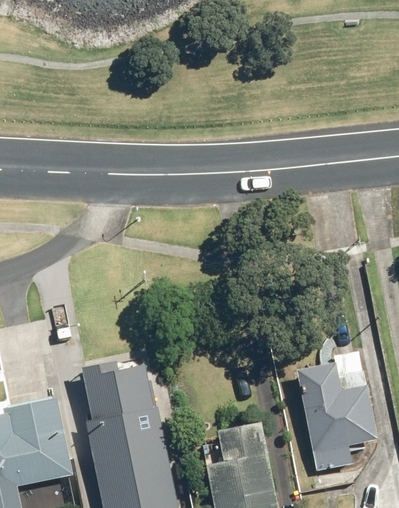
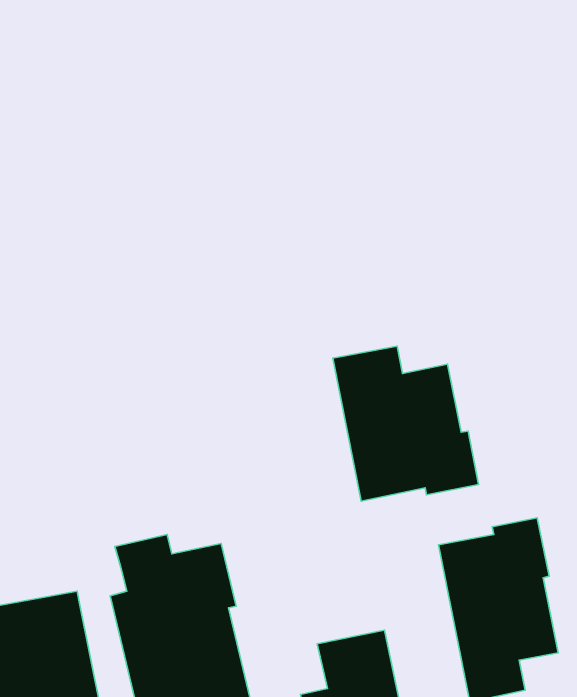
building: none -> [333,346,479,501]

